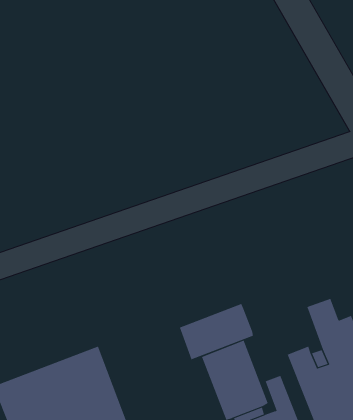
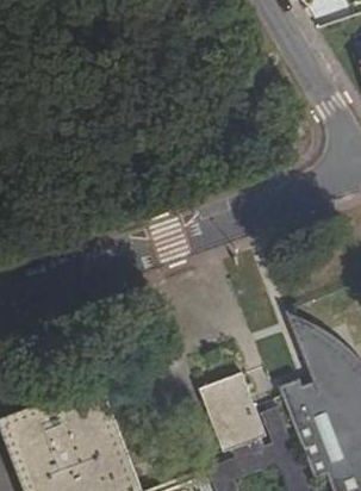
building: [179,303,253,360] -> none

